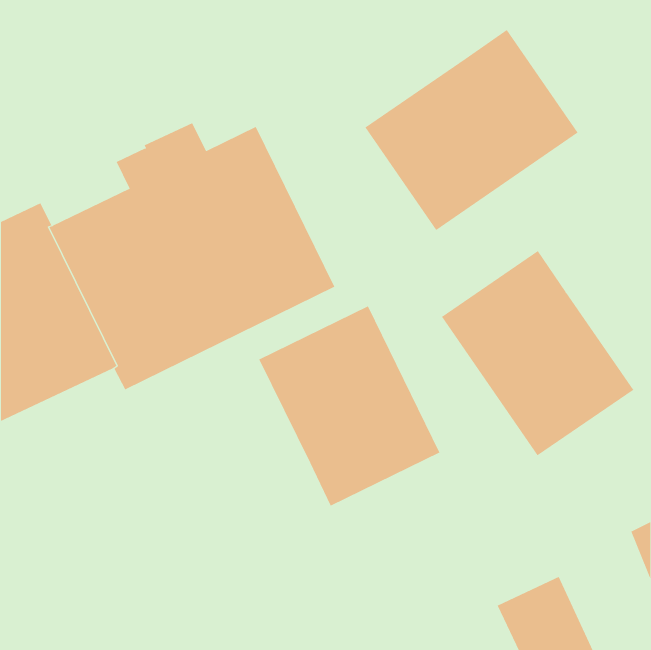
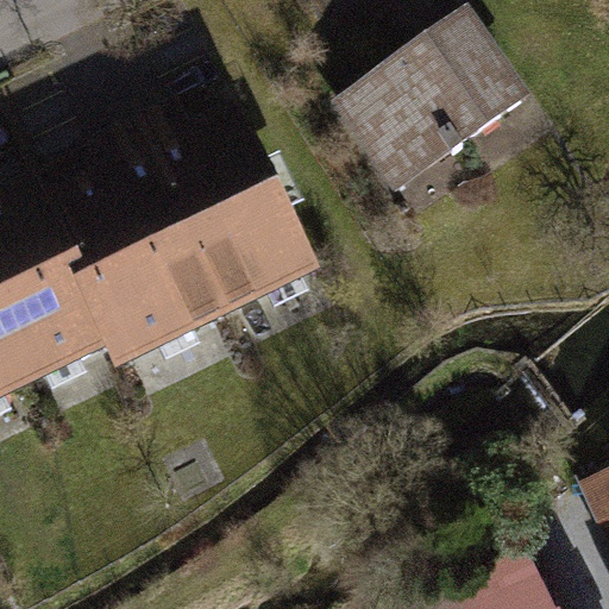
building: [441,250,634,456] -> none
building: [258,306,440,506] -> none

